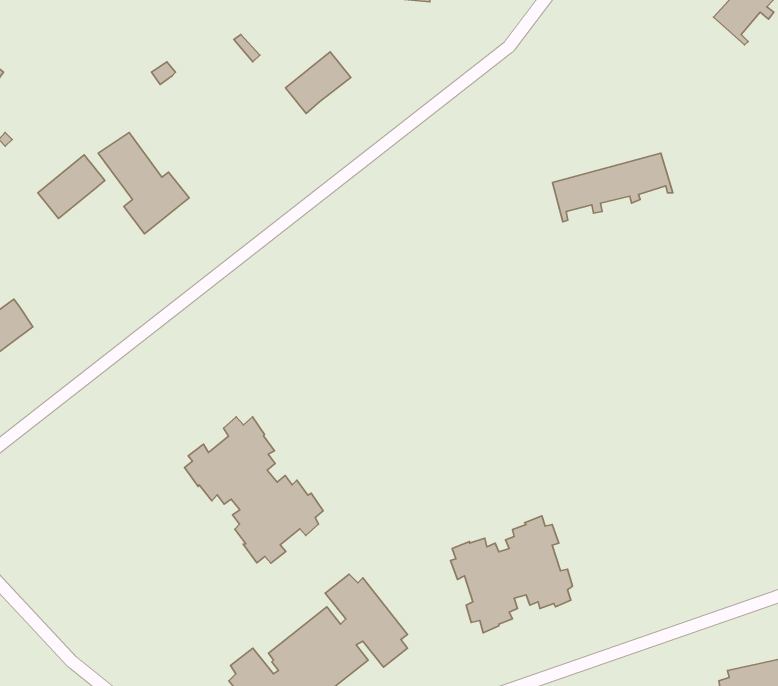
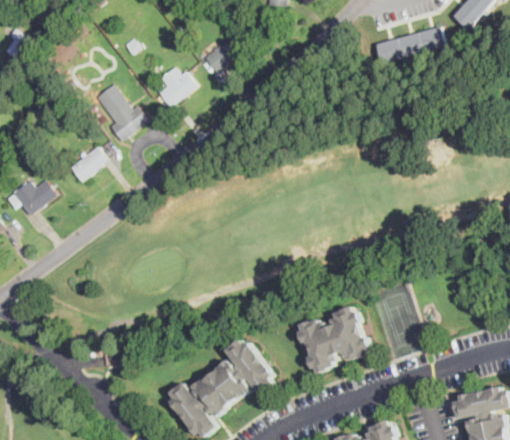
building: none -> [153,67,196,108]
building: [552,153,673,222] -> [375,27,445,67]
building: [38,155,105,218] -> [68,146,107,183]
building: [185,417,323,563] -> none

